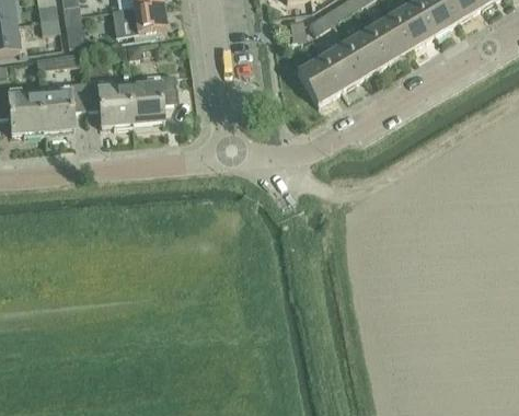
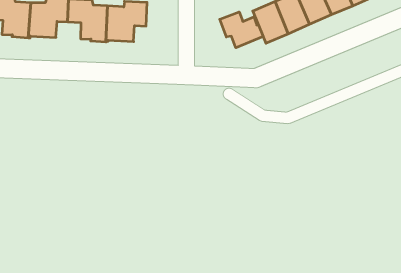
building: none -> [220,12,263,48]

